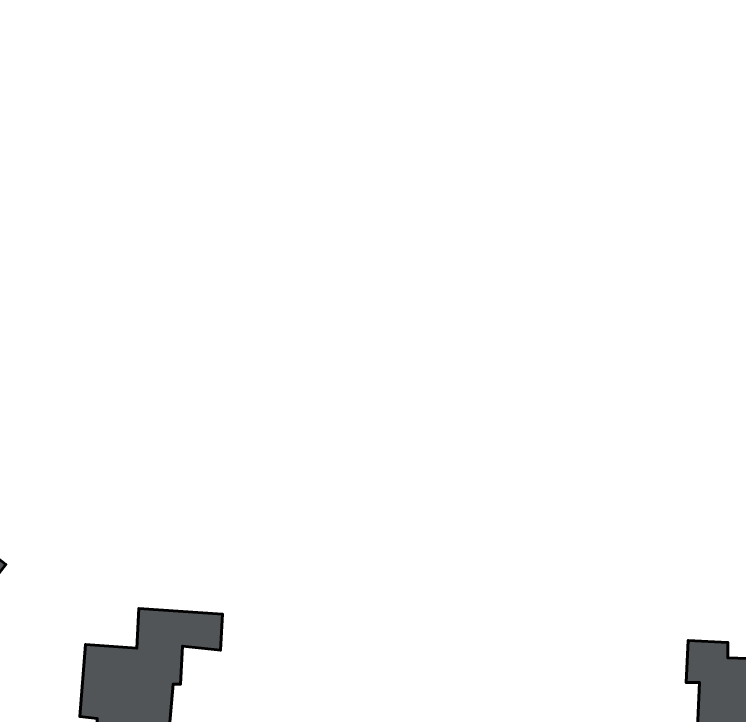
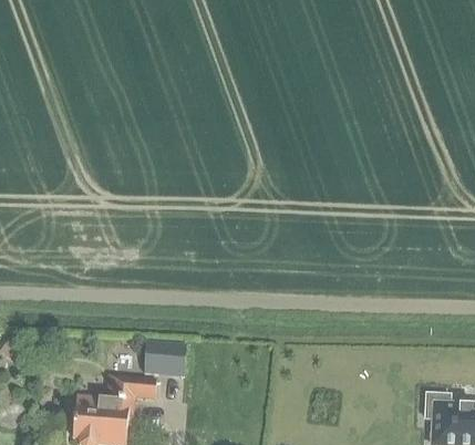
building: none -> [143,340,186,376]

